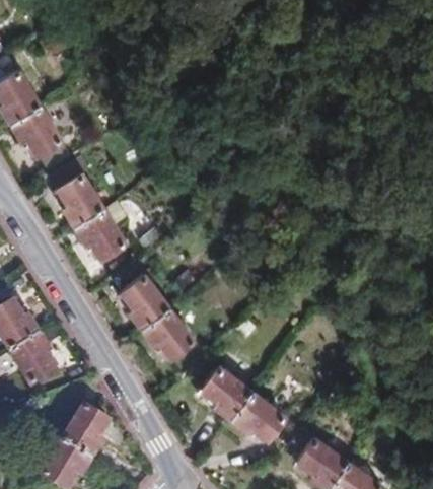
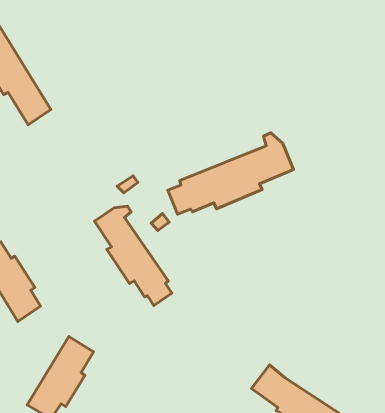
building: [46,157,123,259] -> none
building: none -> [168,133,294,214]
building: [200,364,282,438] -> none

